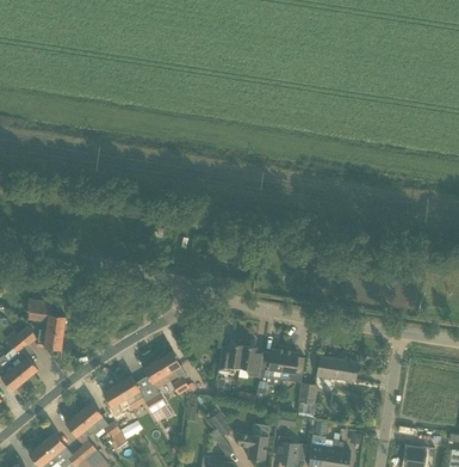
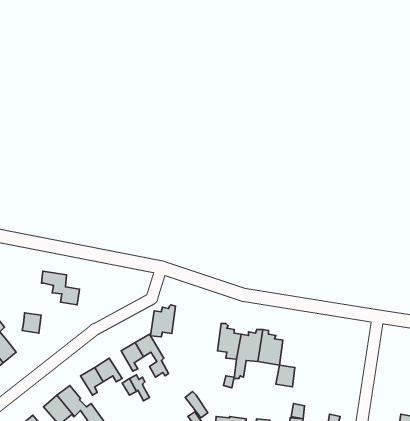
building: [26,300,64,333] -> [42,271,80,305]
building: [217,340,242,373] -> [151,305,176,337]
building: [316,357,356,382] -> none

